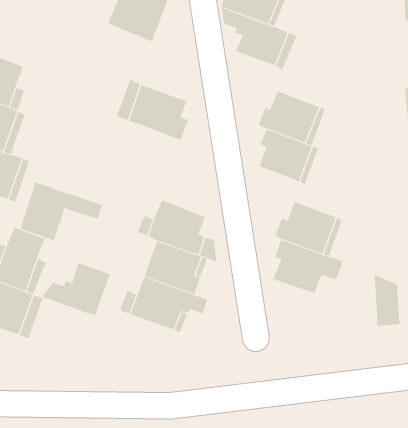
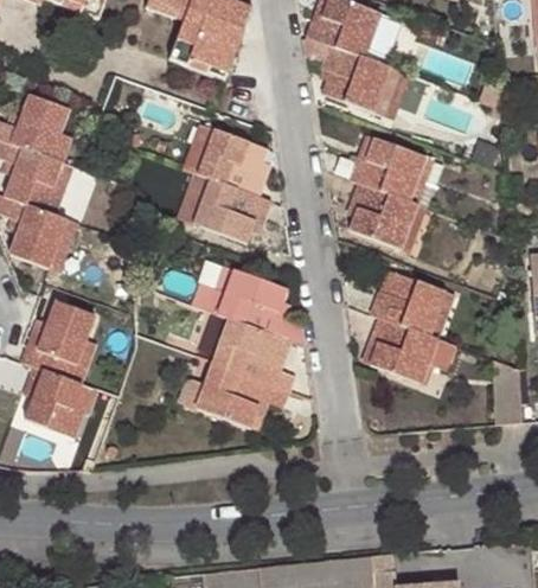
building: none -> [192,178,270,241]
building: [20,181,103,241] -> none
building: [41,262,111,316] -> none

